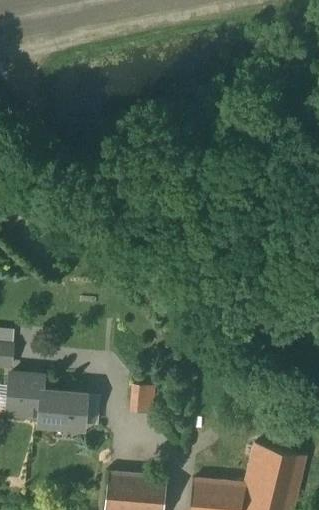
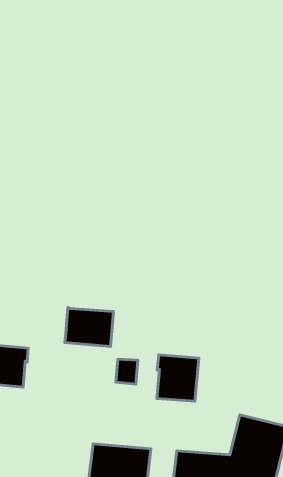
building: none -> [157,355,199,401]
building: [38,390,87,429] -> [65,308,114,347]

